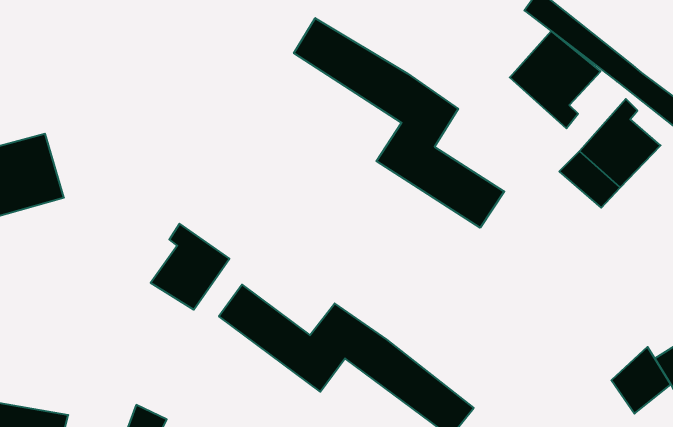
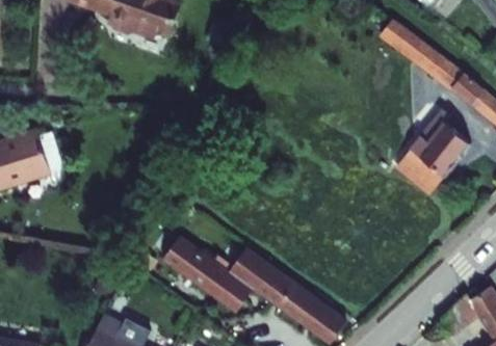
building: [294,18,504,228] -> none
building: [510,31,600,128] -> none
building: [151,224,229,310] -> none

